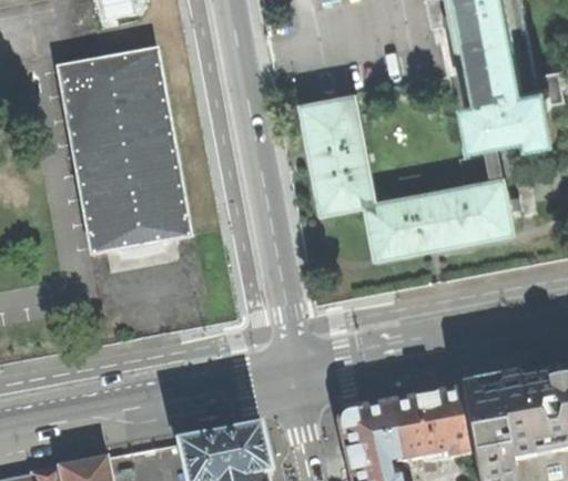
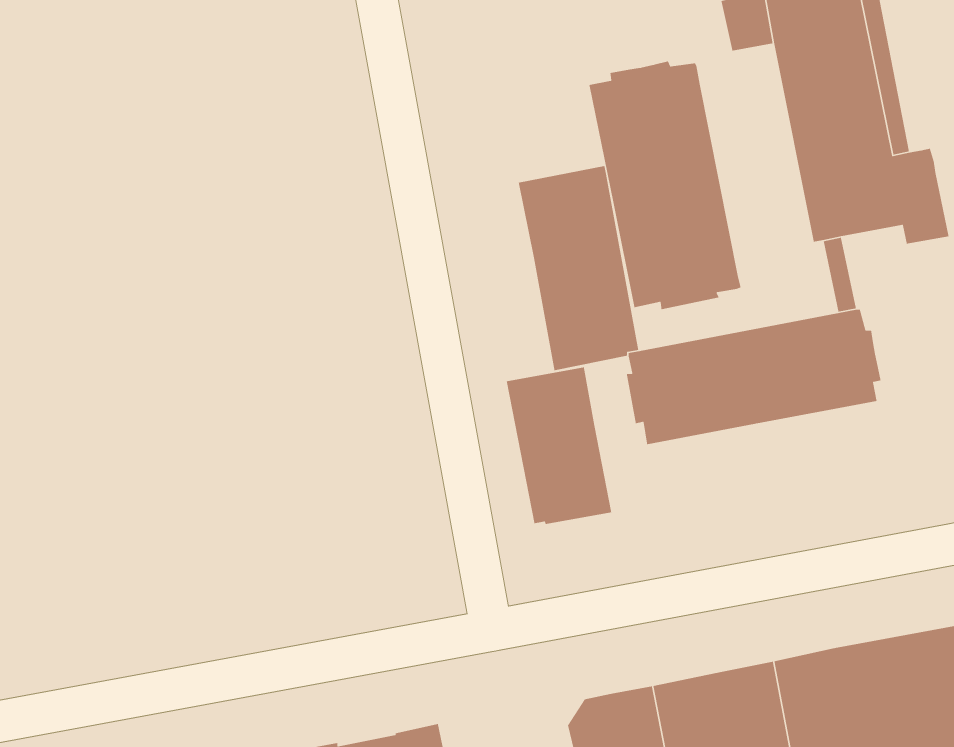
building: none -> [589,61,741,310]
building: [55,49,189,252] -> none
building: none -> [506,367,612,525]

